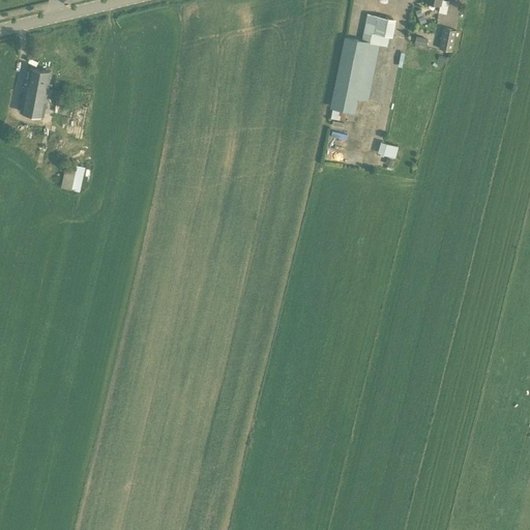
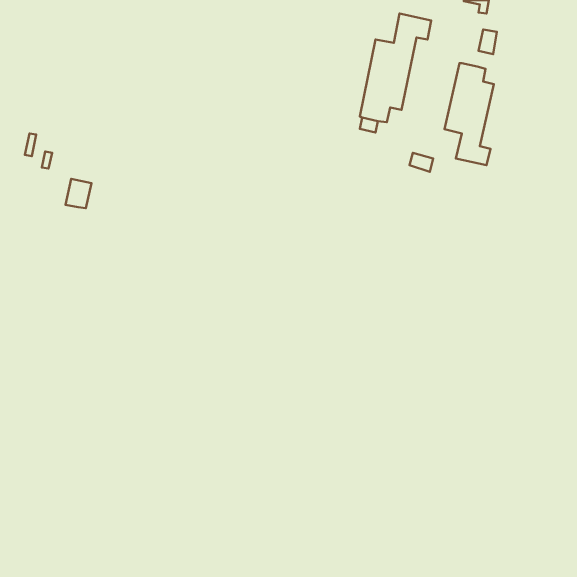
building: none -> [445,63,494,165]
building: [19,68,68,119] -> none

